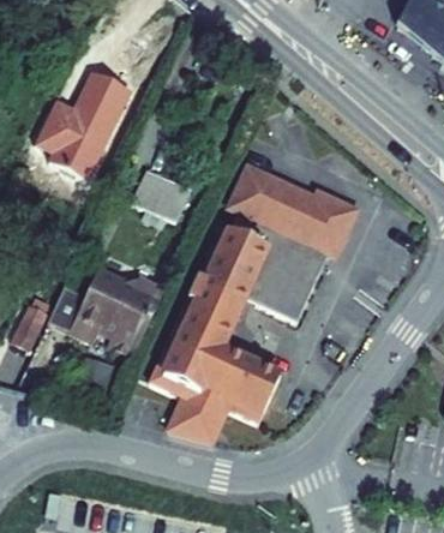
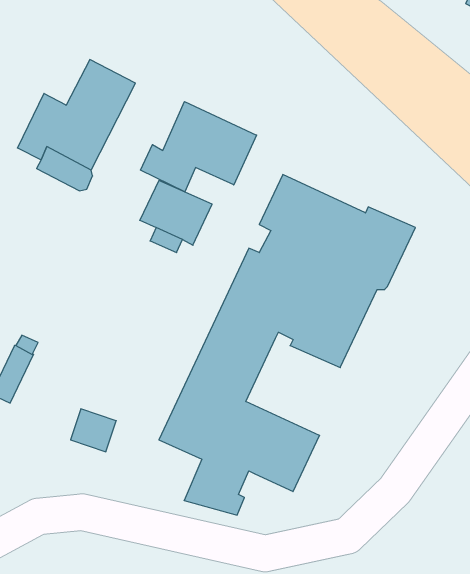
building: none -> [140,102,257,192]
building: [47,269,164,354] -> none

